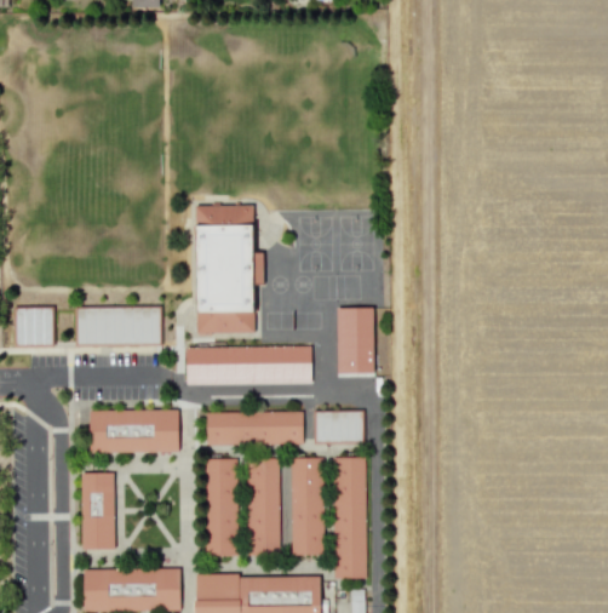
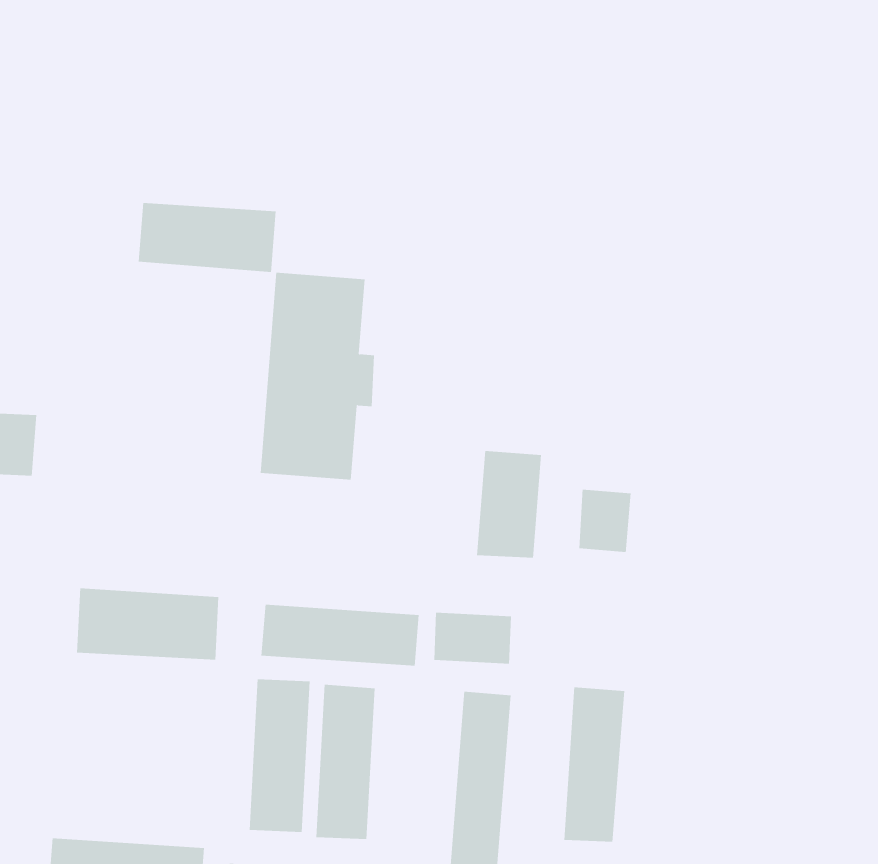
building: [76,304,161,343] -> [138,203,277,272]
building: none -> [579,489,631,553]
building: [187,344,311,383] -> none
building: [293,459,326,556] -> [563,687,625,842]
building: [82,472,115,549] -> none

